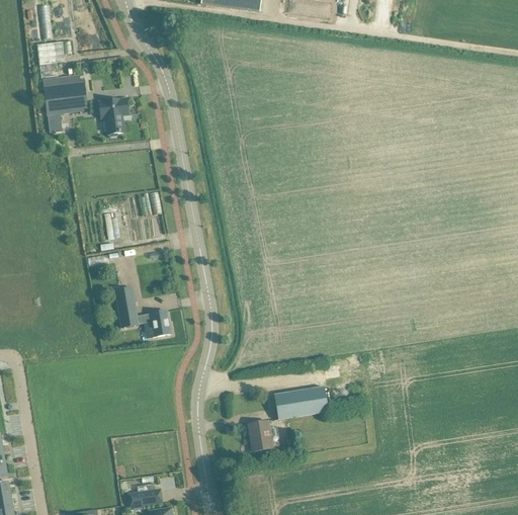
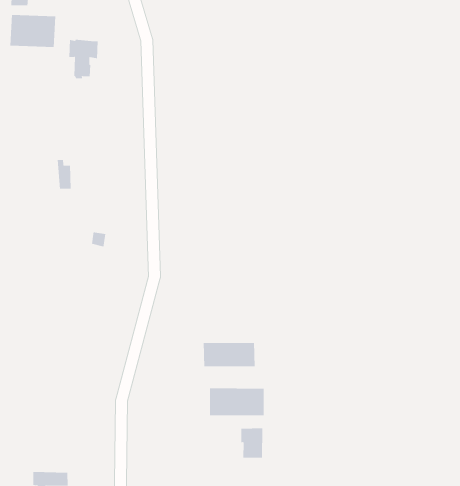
building: [115,286,170,335] -> none
building: none -> [203,342,255,367]
building: [248,419,272,449] -> [240,428,263,458]

